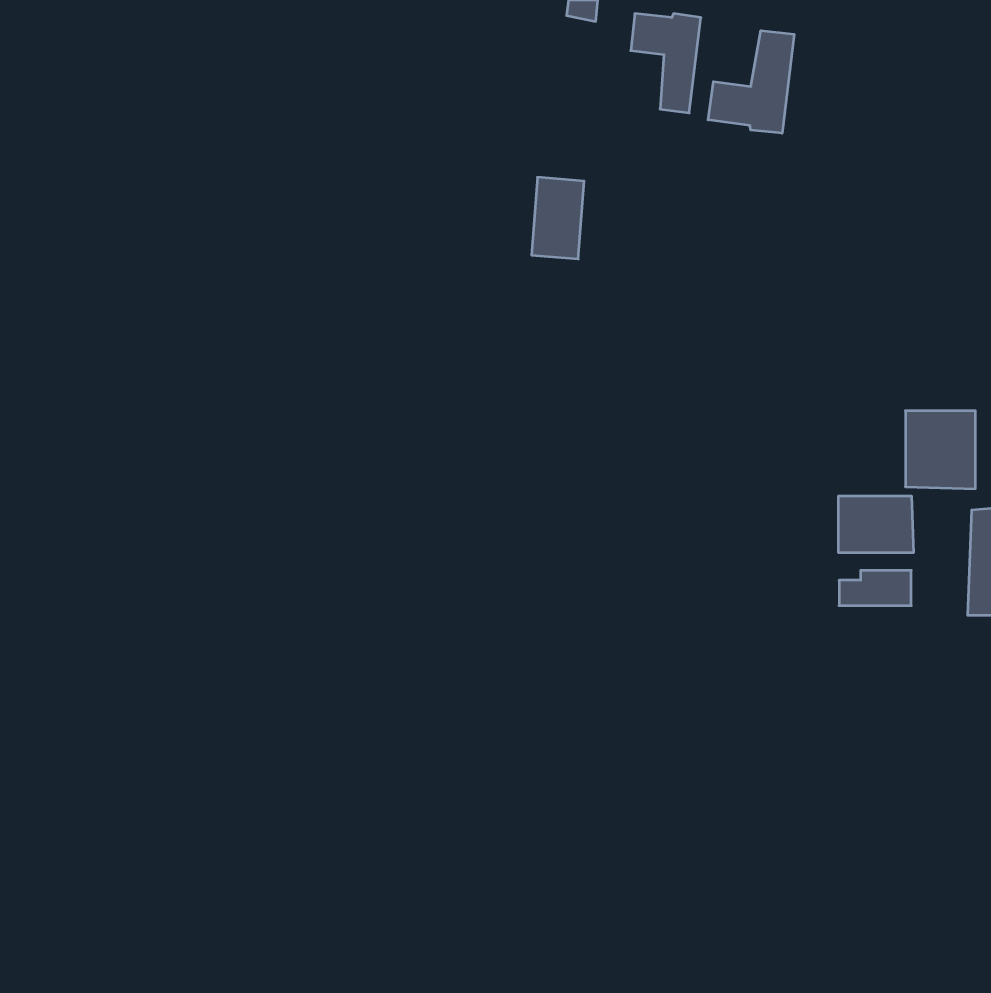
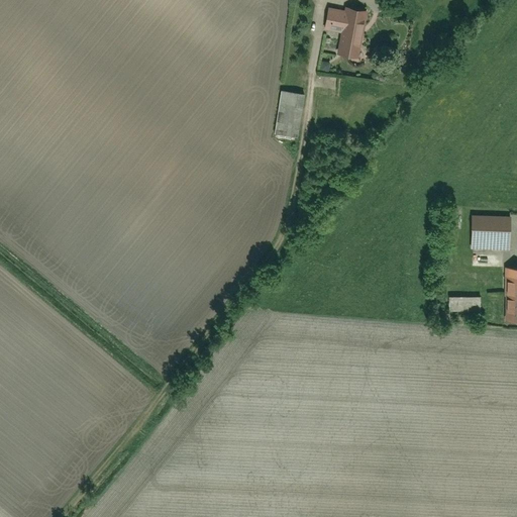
building: [708,31,794,133] -> none
building: [839,496,913,553] -> none

